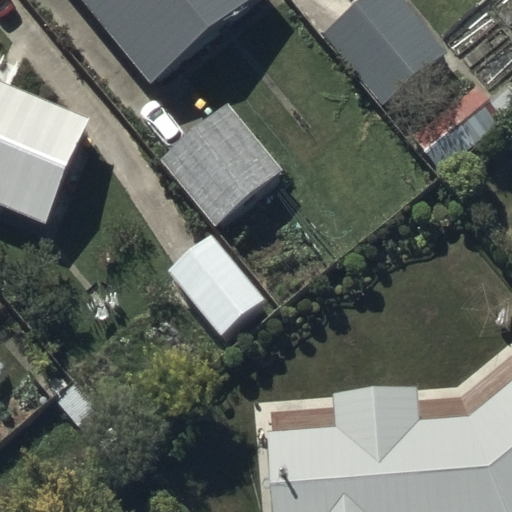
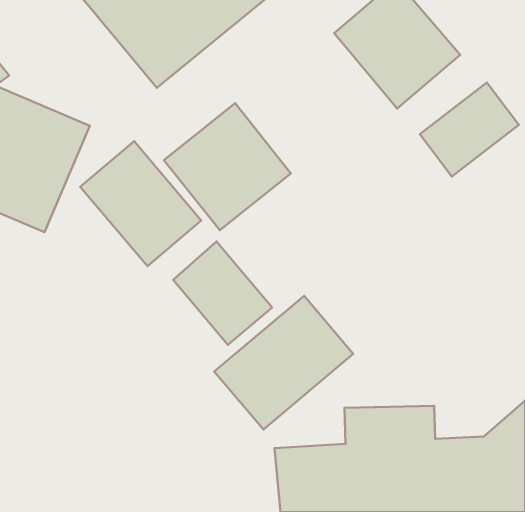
building: none -> [80,141,201,266]
building: none -> [214,296,353,430]

